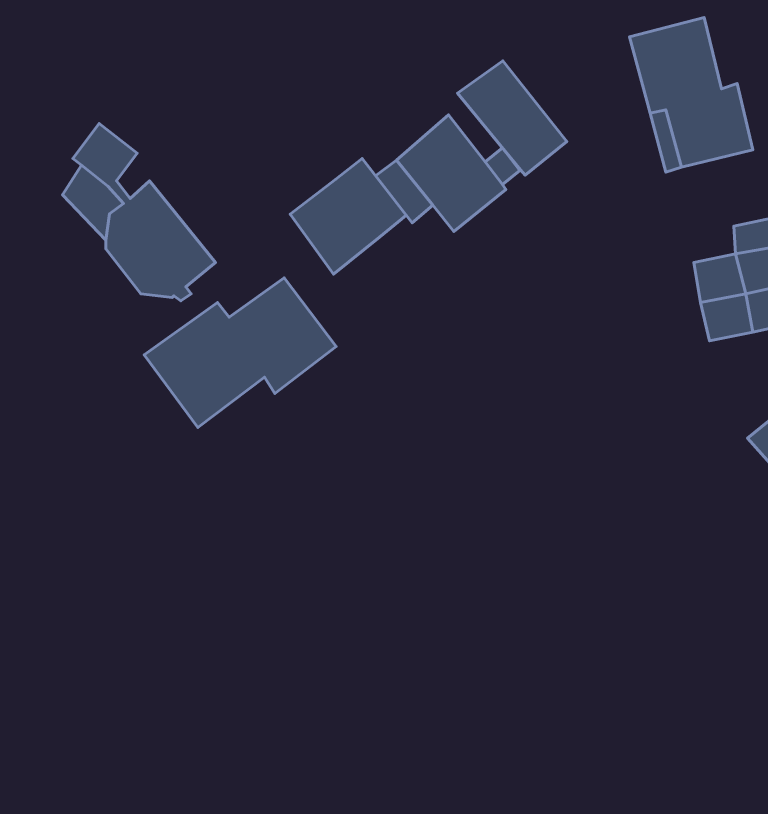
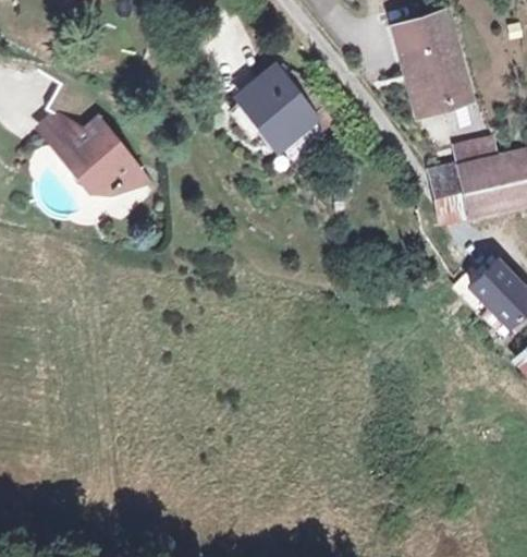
building: [458,61,567,175] -> none
building: [290,159,406,274] -> none
building: [144,278,336,428] -> none

